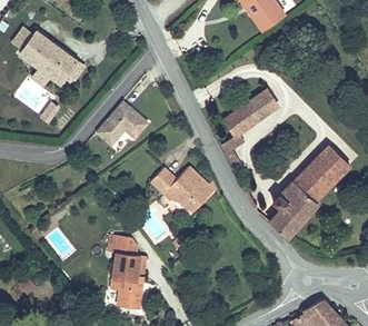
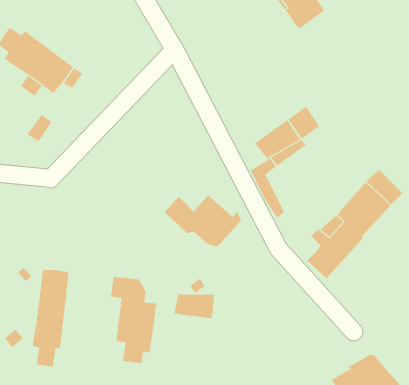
building: [96,101,148,145] -> none
building: none -> [32,269,69,368]
building: none -> [174,293,215,319]

